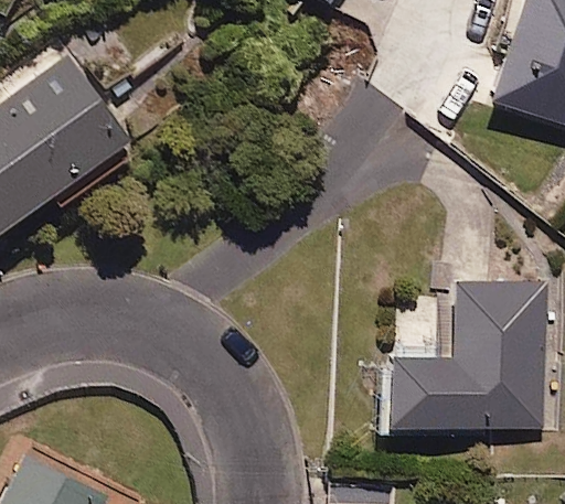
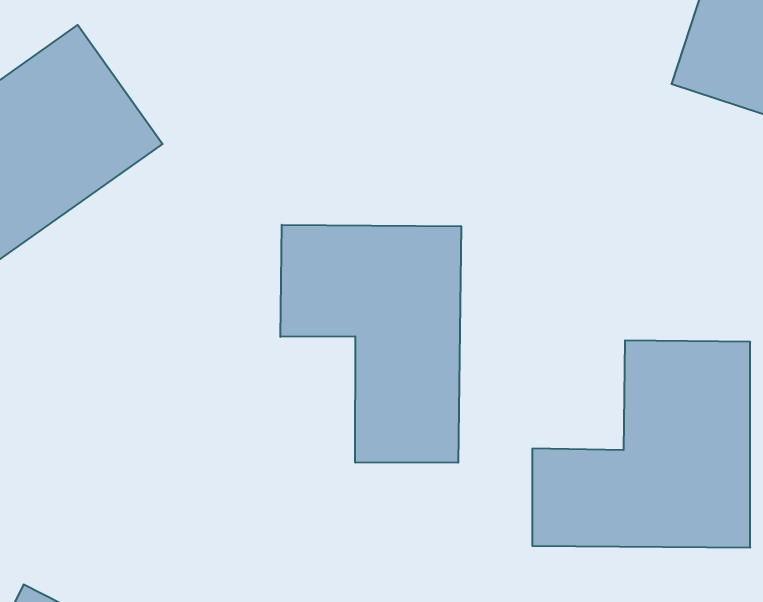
building: none -> [280,225,461,463]

